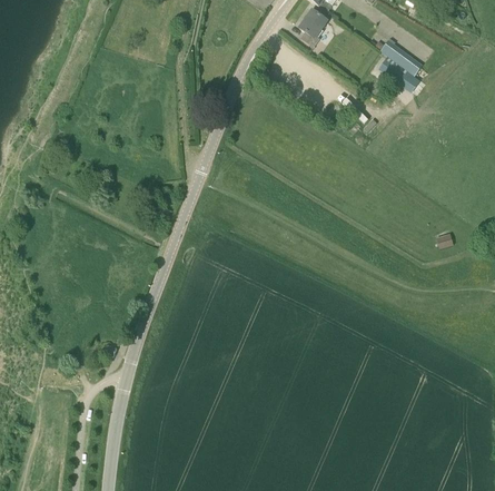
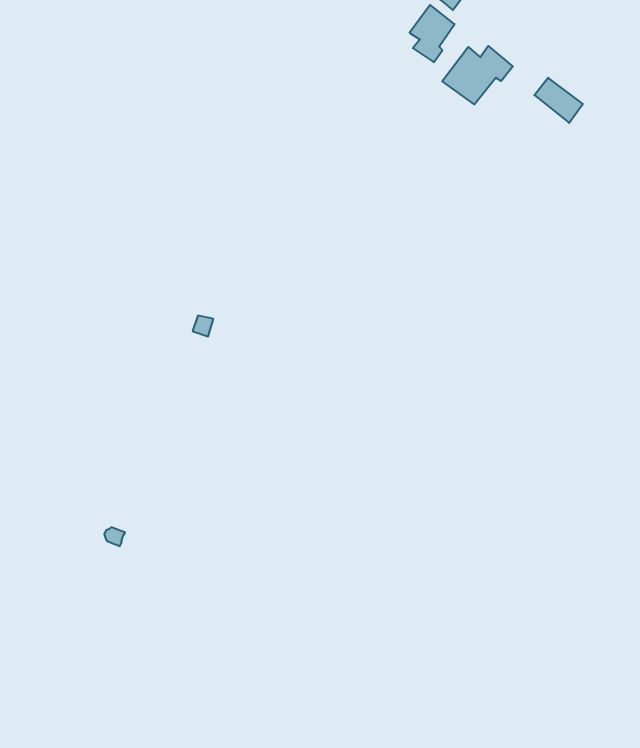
building: none -> [442,46,513,104]

